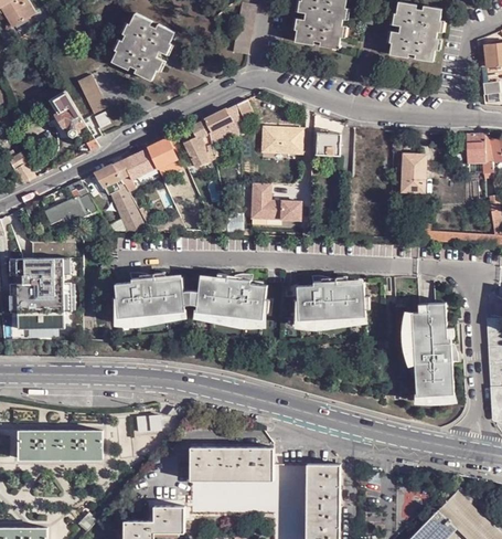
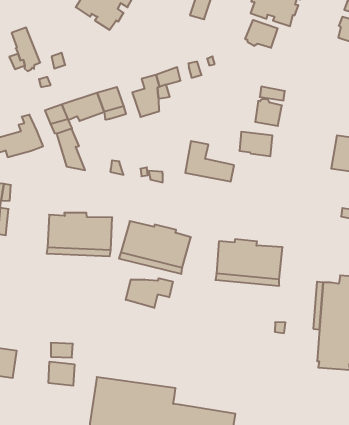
building: none -> [245,20,278,48]
building: [76,74,107,115] -> none
building: [257,133,291,155] -> [239,132,272,156]
building: none -> [126,278,173,308]
building: none -> [49,362,74,386]

